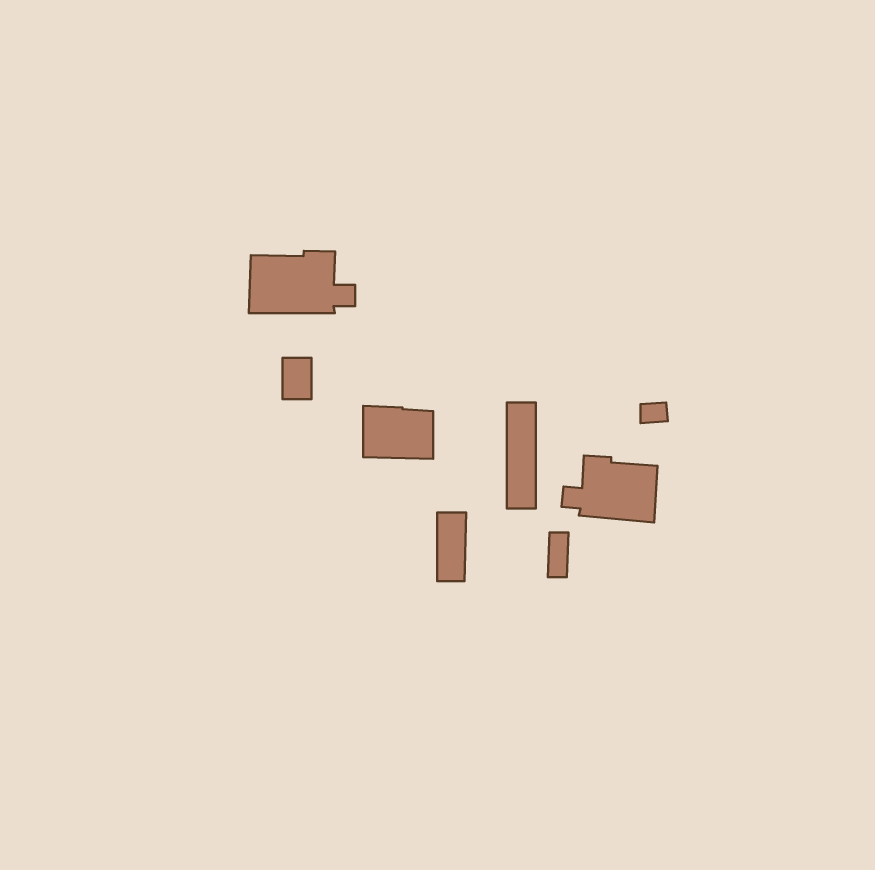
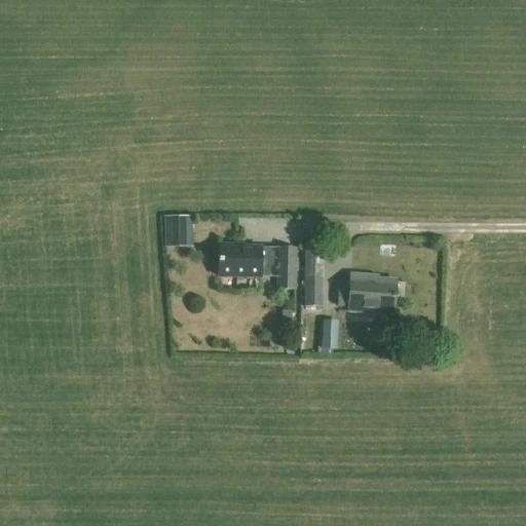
building: [249,251,355,313] -> none
building: [437,513,466,581] -> [277,247,295,288]

